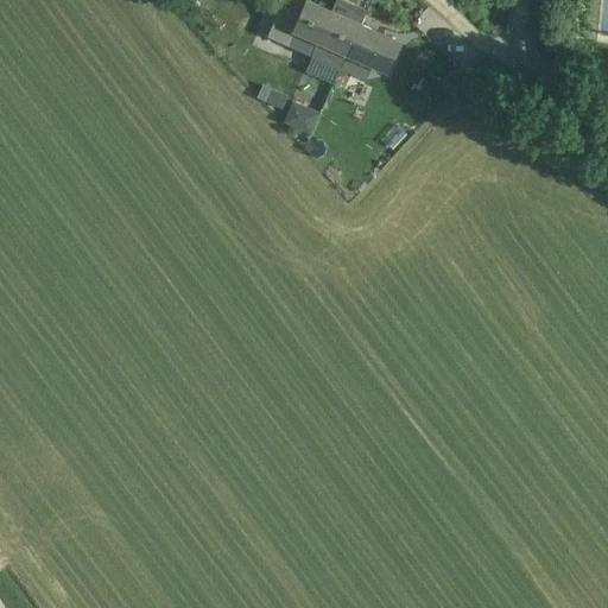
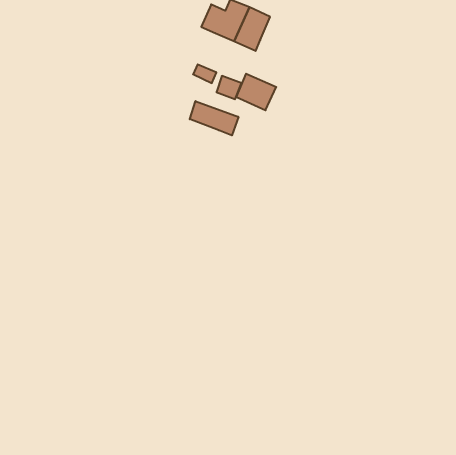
building: [347,25,400,74] -> [236,74,276,110]
building: none -> [190,101,238,135]

